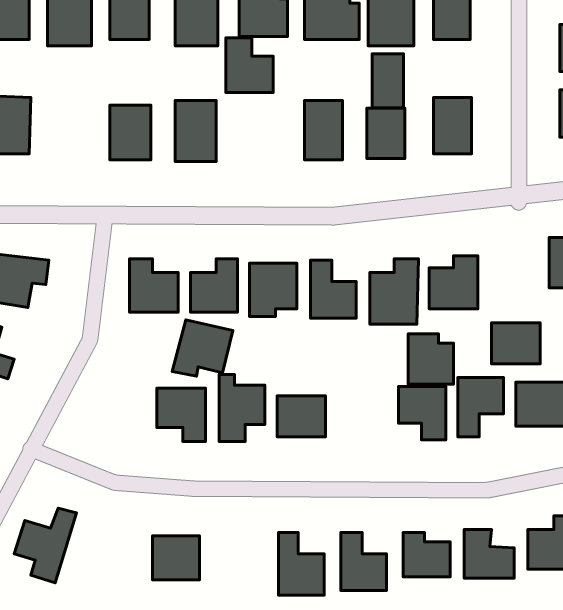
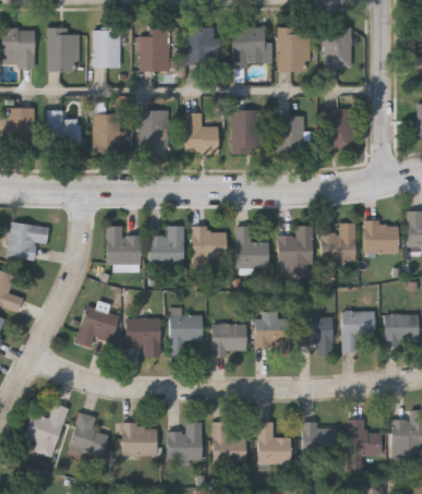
building: [226,38,273,93] -> [183,115,217,154]
building: [372,54,404,108] -> none
building: none -> [46,111,80,152]
building: [172,320,233,376] -> [75,305,119,346]
building: [491,323,540,364] -> [363,222,398,252]
building: [408,334,454,384] -> [256,311,289,347]
building: none -> [69,412,107,458]
building: none -> [167,421,201,459]

